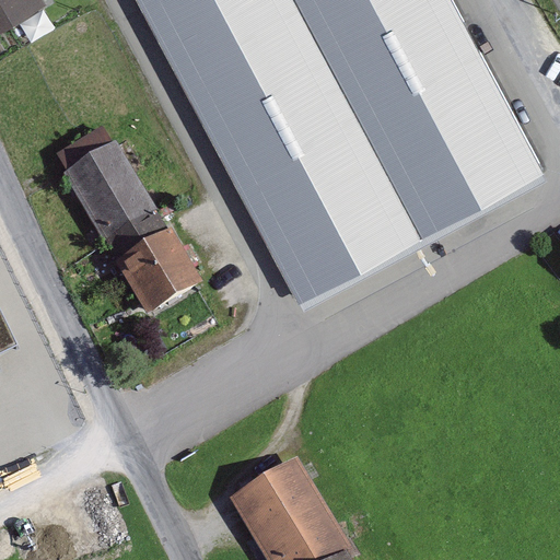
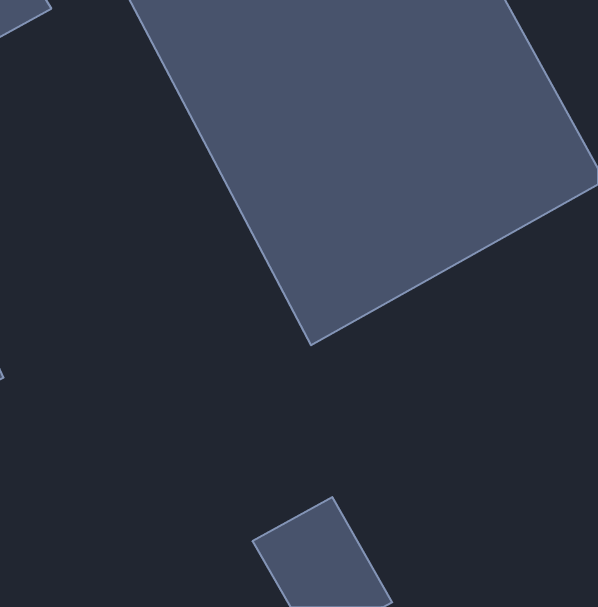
building: [54,129,209,323] -> none

